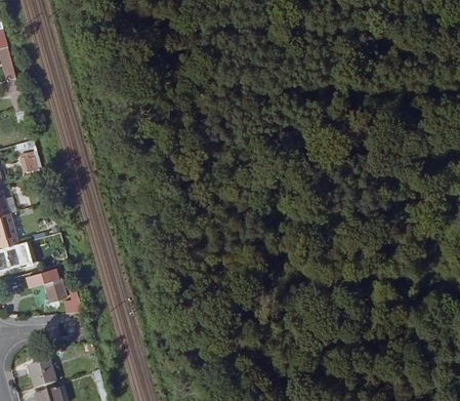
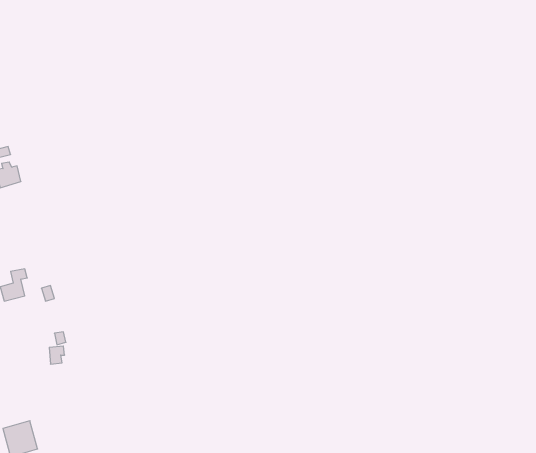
building: [41,270,66,302] -> none

